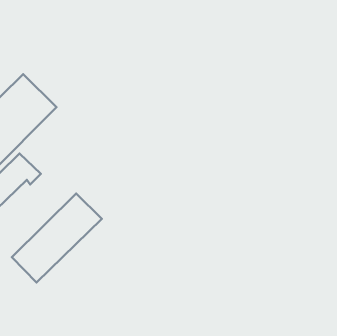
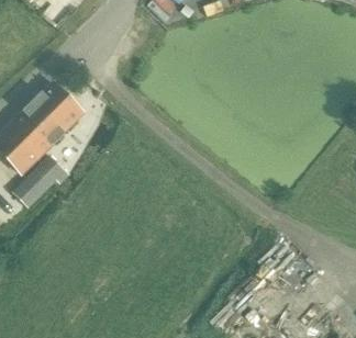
building: [12,194,102,283] -> none

